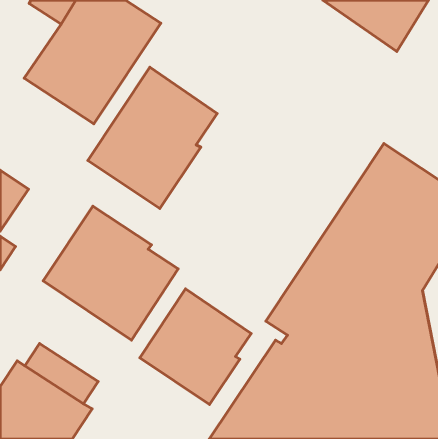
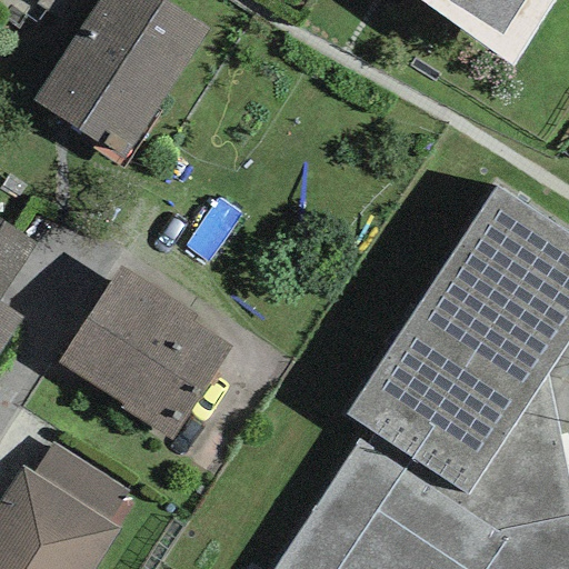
building: [88,67,217,208] -> none
building: [140,289,251,404] -> none

